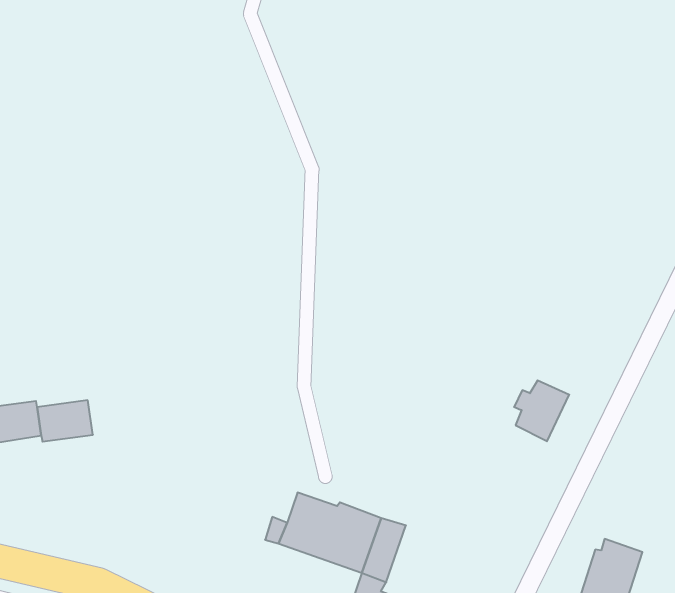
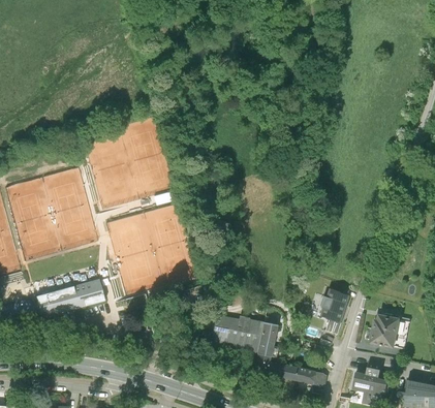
building: [514,380,569,441] -> [322,288,350,319]

